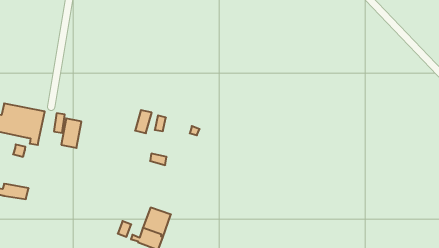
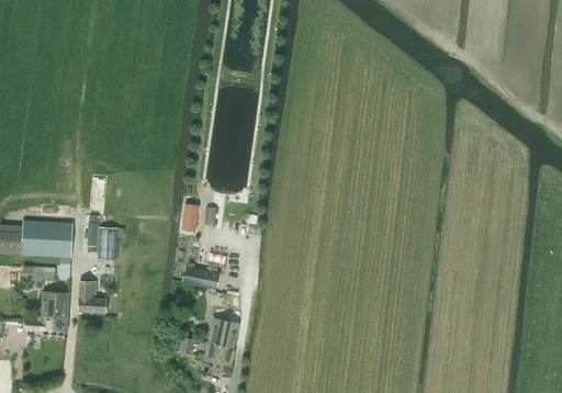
building: none -> [78,280,105,312]
building: none -> [183,266,218,289]
building: none -> [41,290,68,315]

